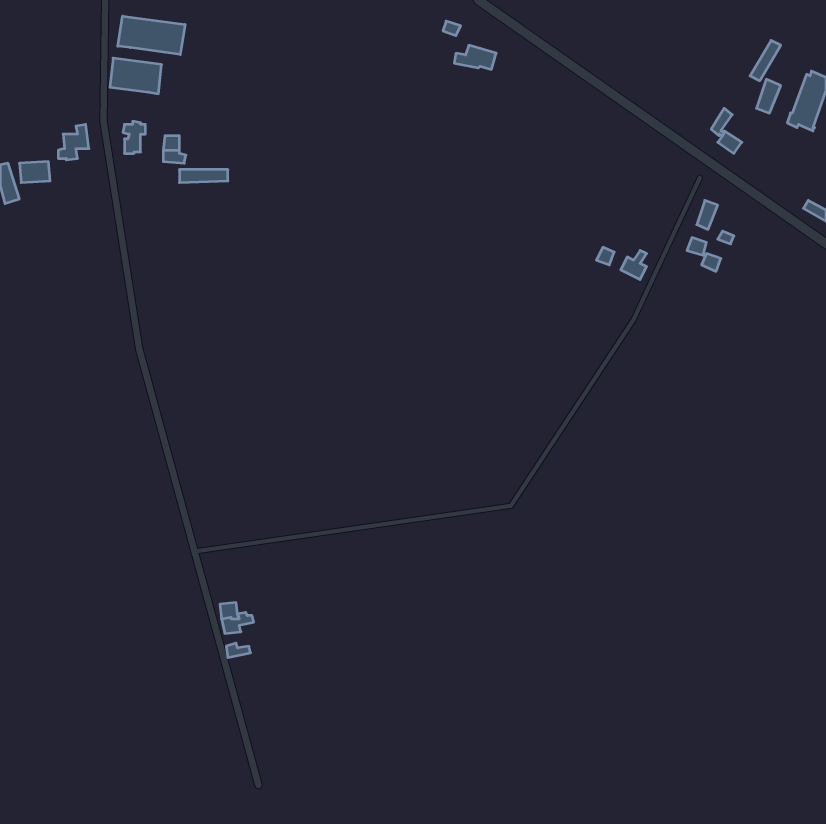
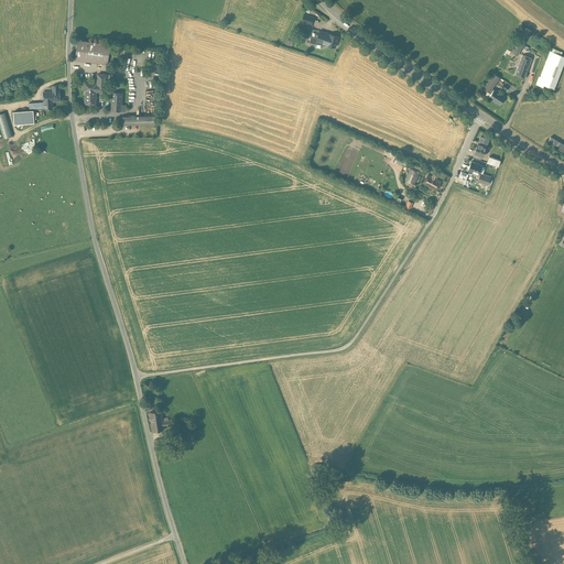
building: [118,16,185,55] -> none

